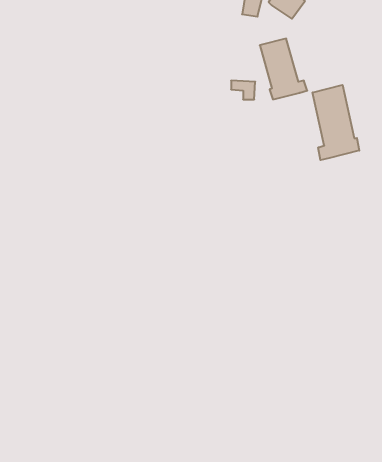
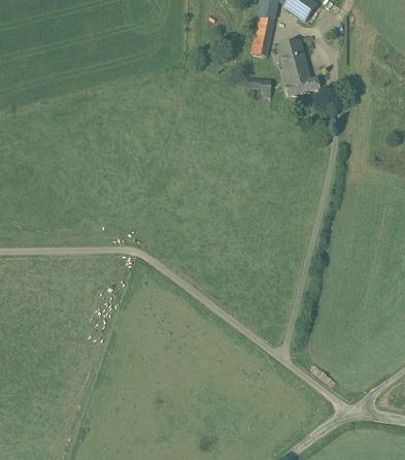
building: none -> [251,15,273,55]
building: [313,85,359,160] -> none

